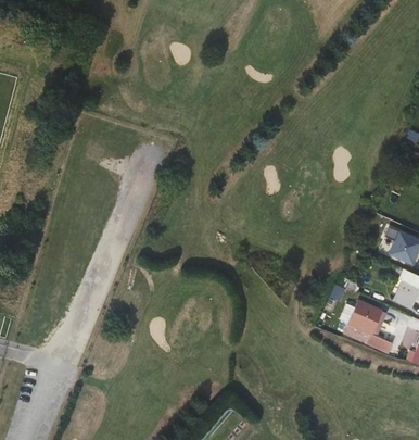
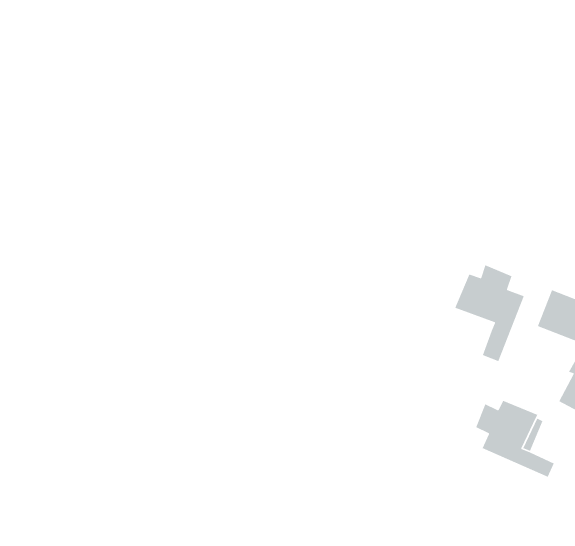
building: none -> [454,264,525,362]

